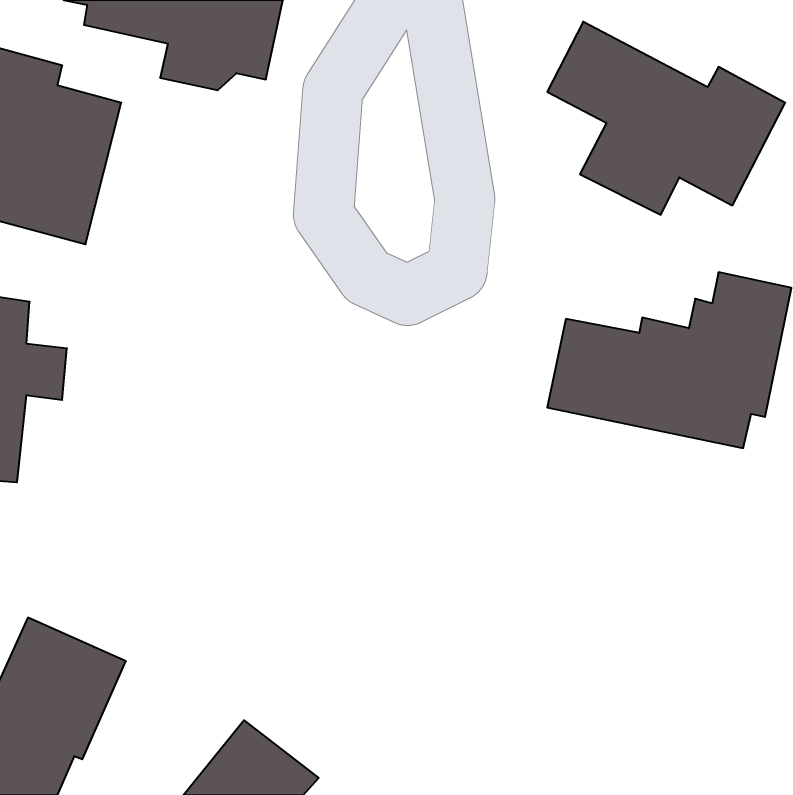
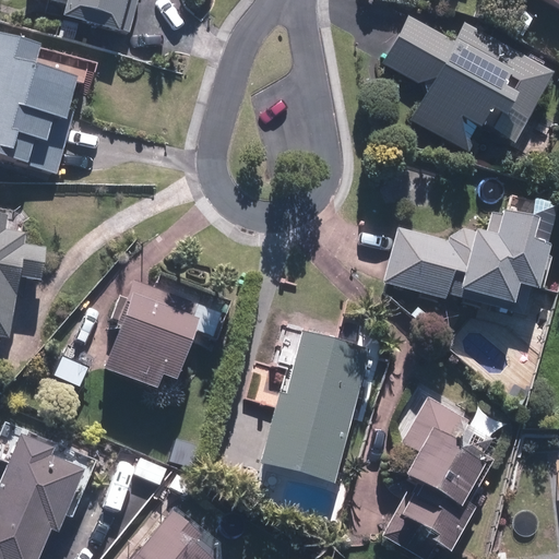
building: none -> [103,280,205,388]
building: none -> [259,323,369,483]
building: none -> [391,391,500,551]

